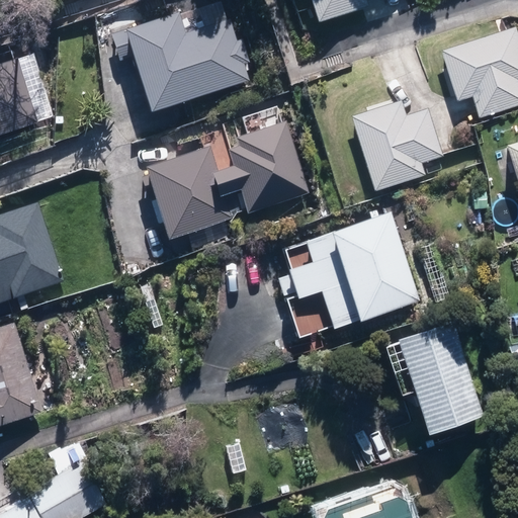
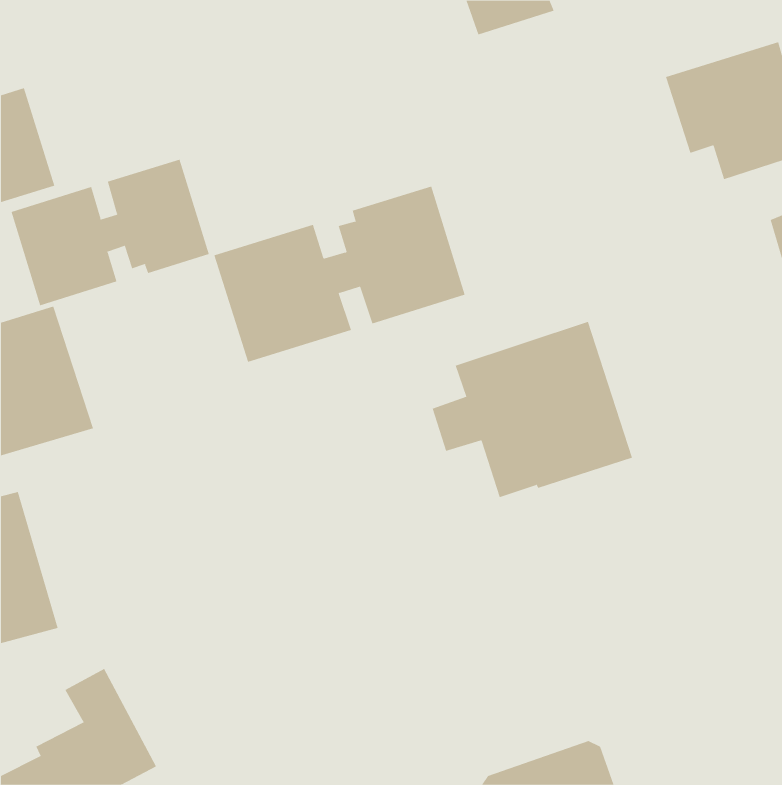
building: [121,12,249,112] -> none
building: [349,100,442,192] -> none
building: none -> [11,159,209,306]
building: [383,322,482,434] -> none

